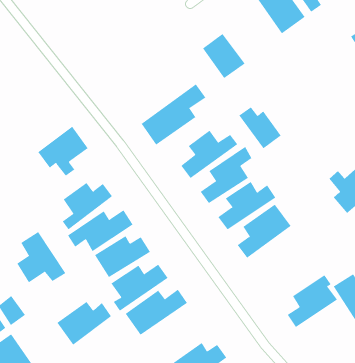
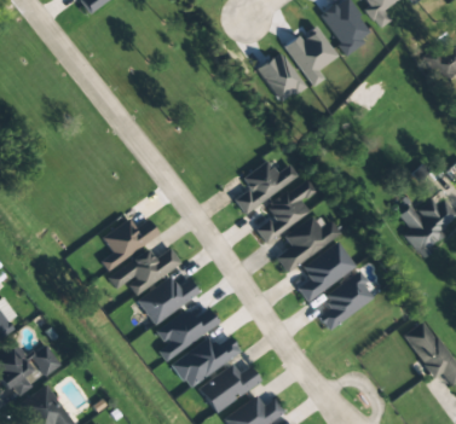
building: none -> [285,27,340,86]
building: [141,83,206,146] -> none
building: [239,106,282,149] -> none
building: [38,126,88,177] -> none
building: [16,231,66,283] -> none
building: [287,274,338,328] -> [319,271,376,330]
building: [56,301,112,346] -> [201,364,262,413]

